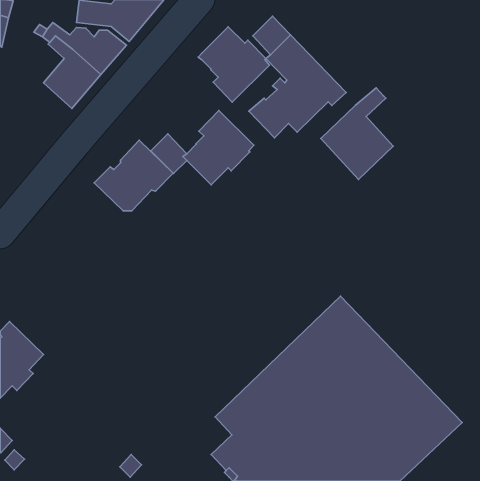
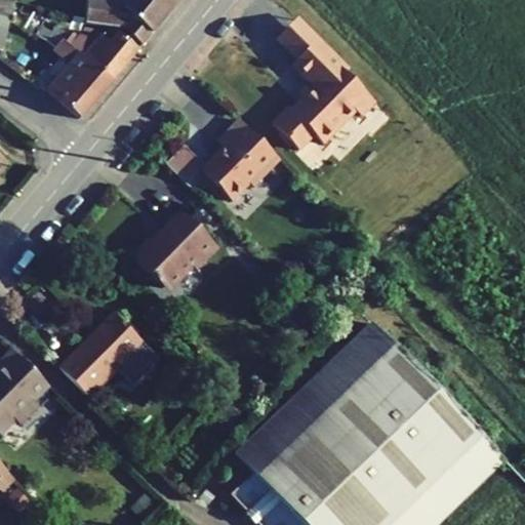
building: [198,27,269,102] -> none
building: [321,88,393,179] -> none
building: [94,140,173,211] -> [132,210,218,287]
building: none -> [59,313,155,397]

